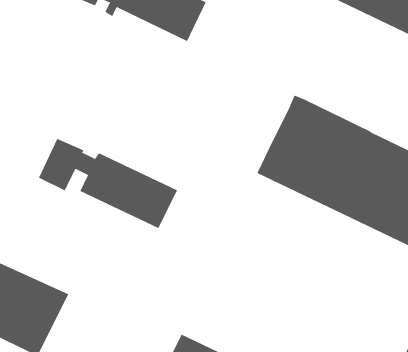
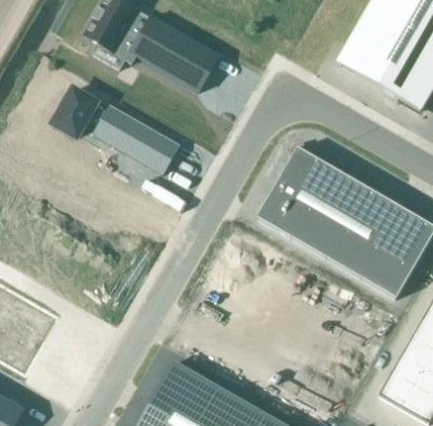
building: [38,138,178,229] -> [52,88,181,179]

